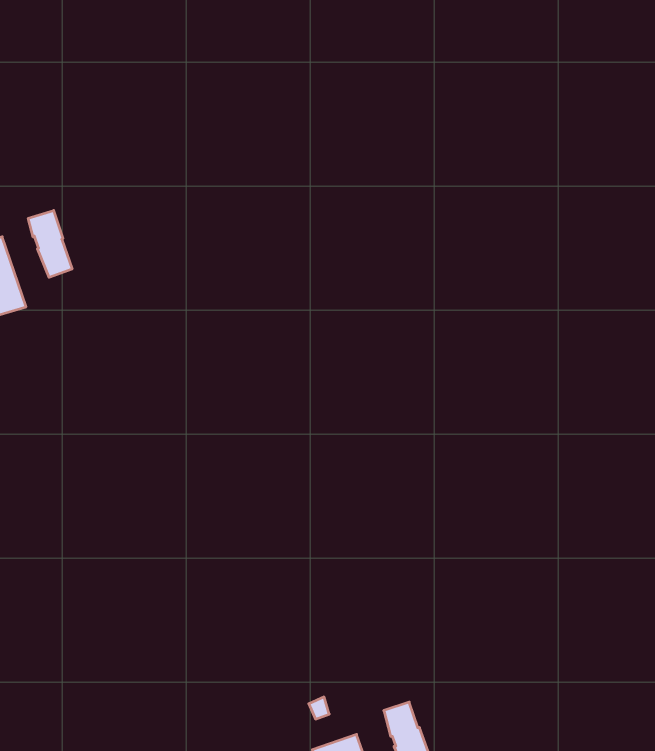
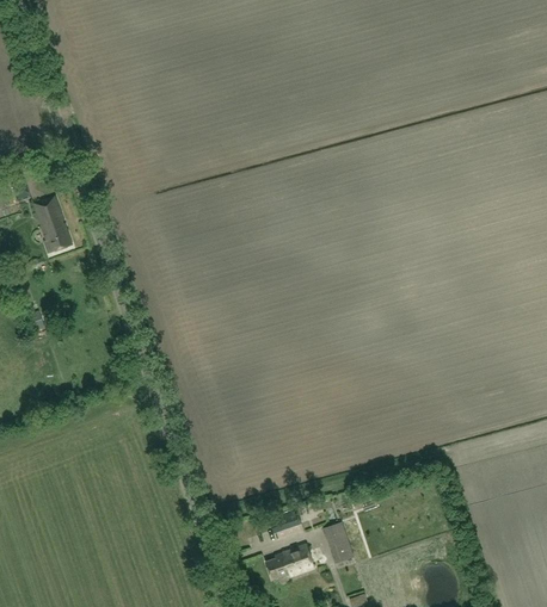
building: [28,210,72,277] -> none

